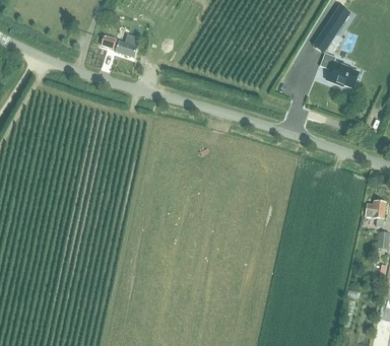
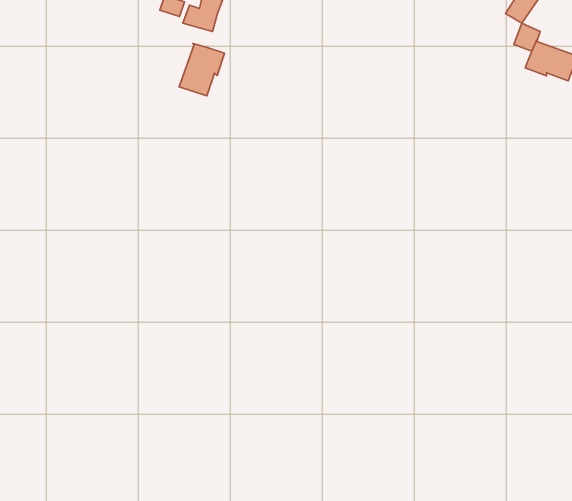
building: none -> [179,43,225,96]

